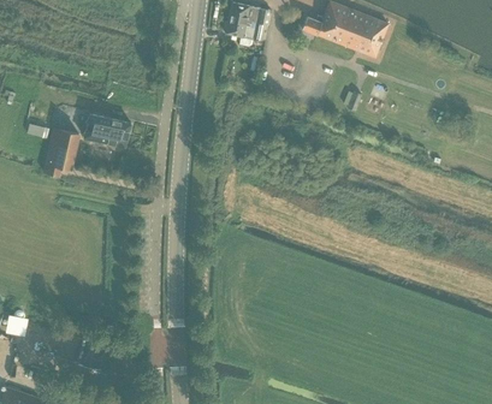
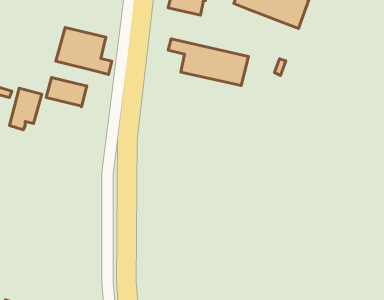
building: none -> [56,28,112,74]
building: none -> [168,39,249,85]

